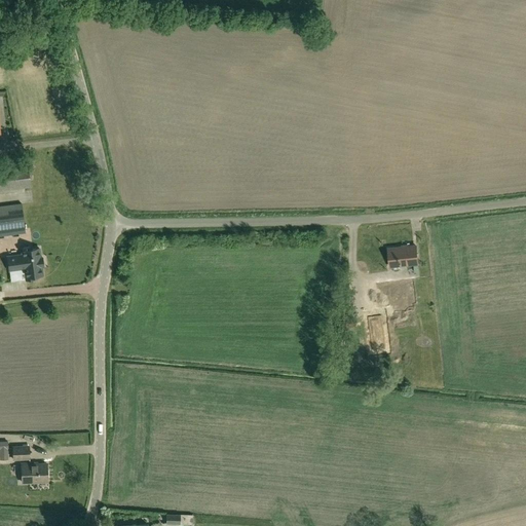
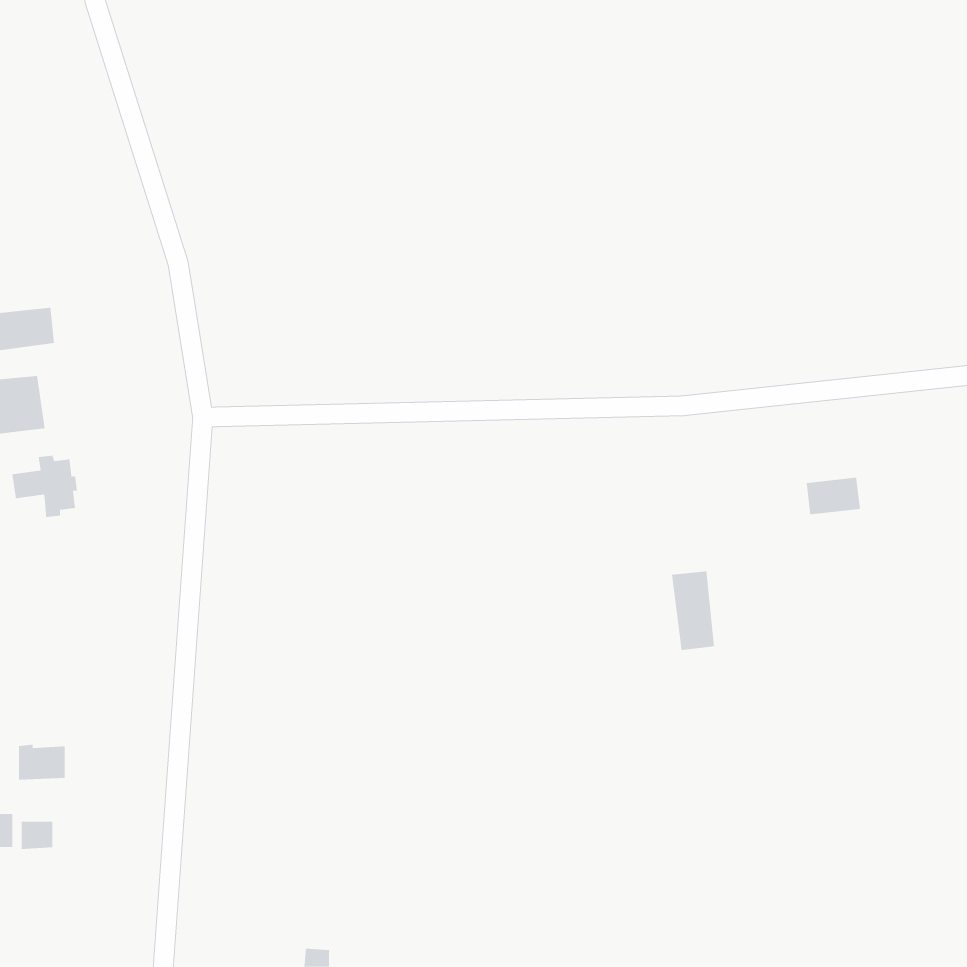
building: [387,247,417,267] -> [806,477,861,515]
building: [21,463,46,483] -> [18,744,66,780]

